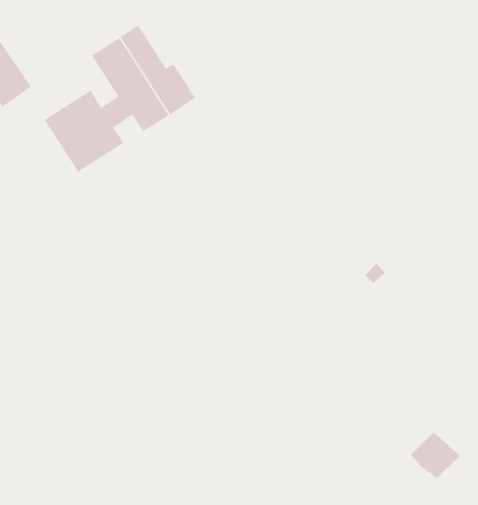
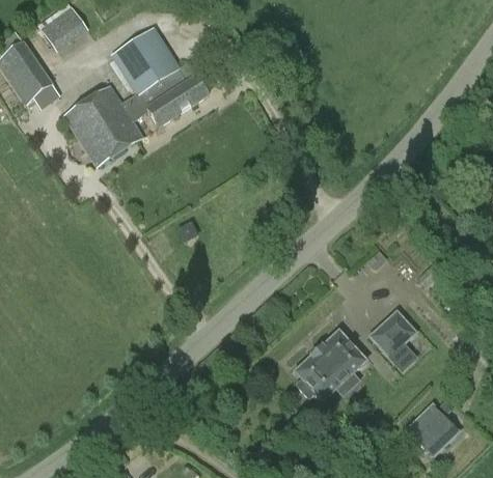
building: none -> [40,7,85,49]
building: none -> [369,311,415,369]
building: none -> [295,330,365,399]

